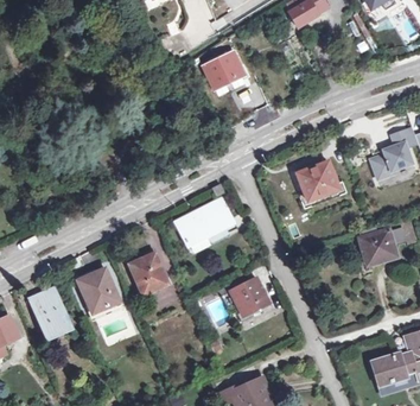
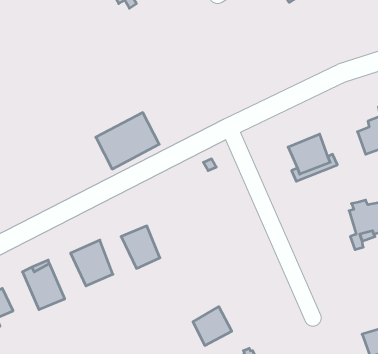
building: [203,49,244,88] -> none
building: [174,197,238,254] -> [96,113,159,169]
building: [230,275,269,315] -> [193,307,232,345]

